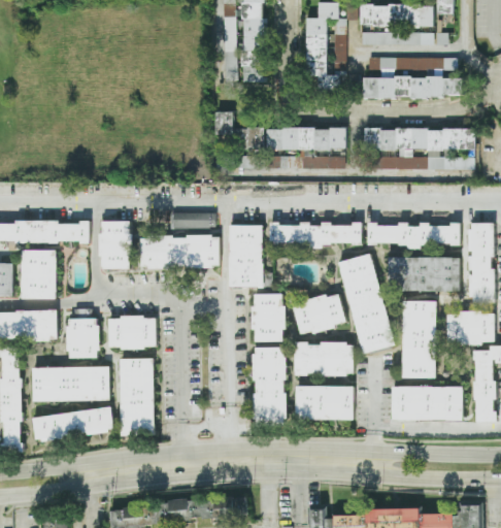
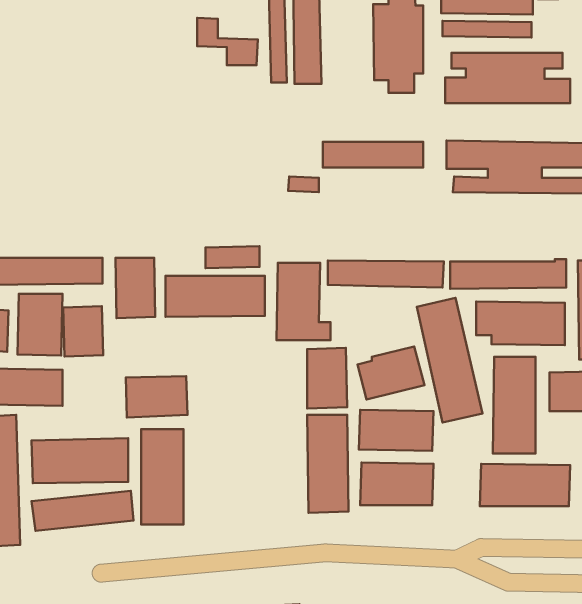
building: [215,110,264,148] -> [197,18,258,65]
building: [264,150,343,168] -> none
building: [67,318,99,358] -> [63,306,103,357]

